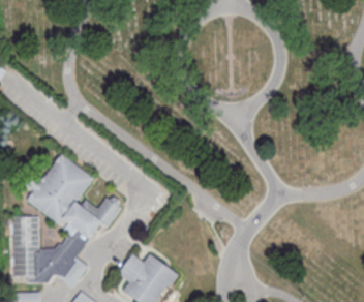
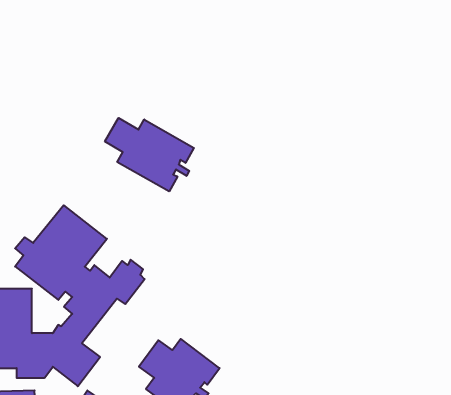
building: none -> [105,118,194,191]

